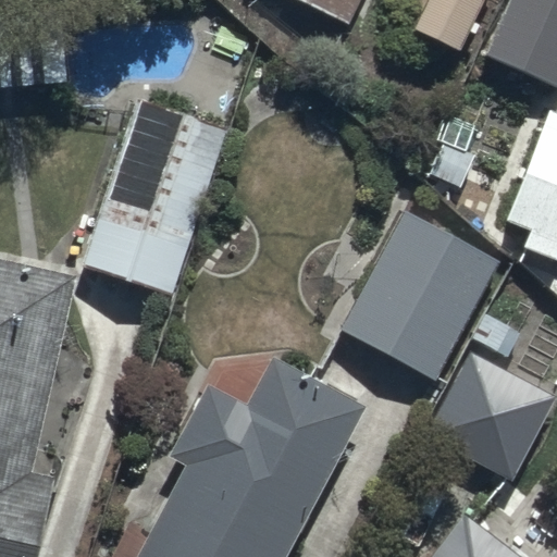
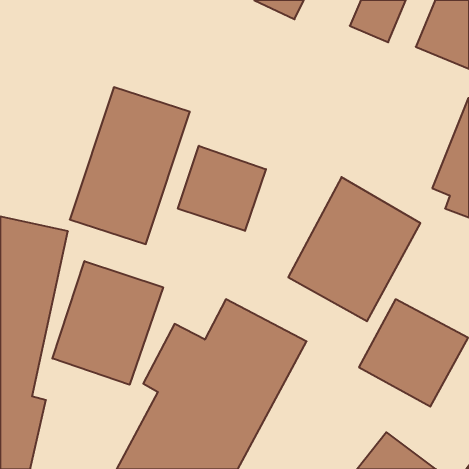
building: none -> [178,146,266,231]
building: none -> [52,261,163,385]

